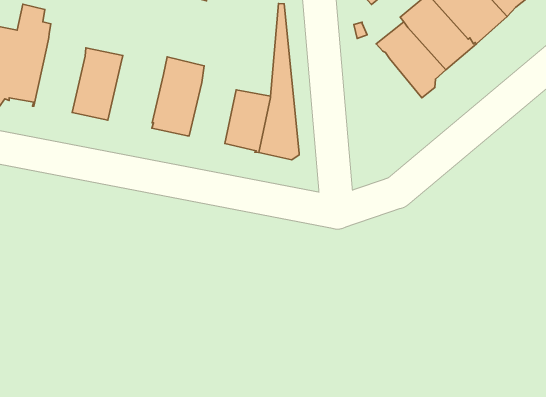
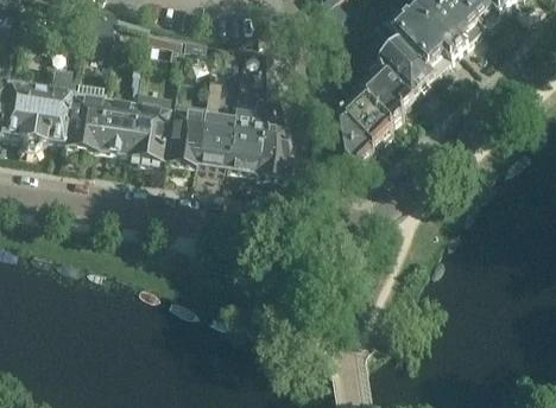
building: none -> [125,70,169,160]
building: none -> [61,76,105,151]
building: none -> [195,76,235,168]
building: none -> [337,82,392,164]

